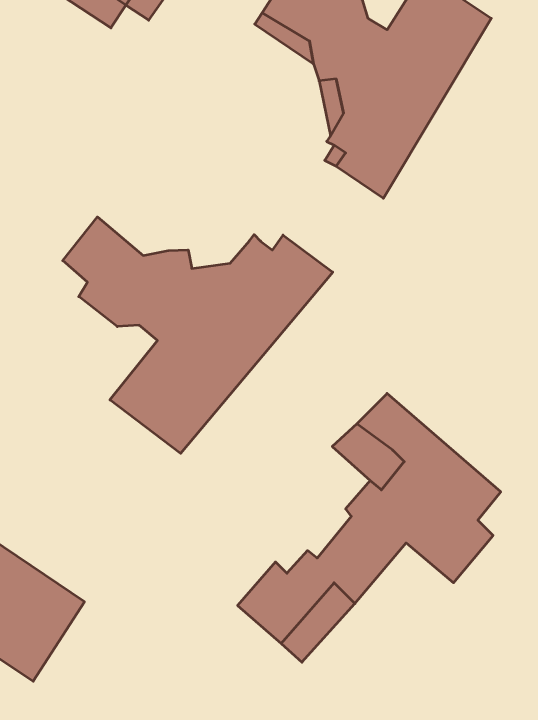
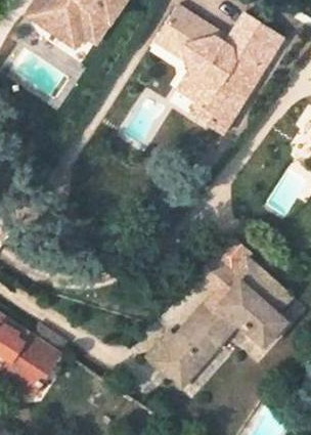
building: [63,217,333,453] -> none

